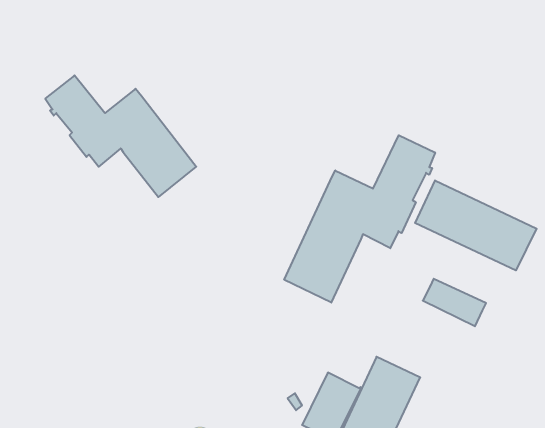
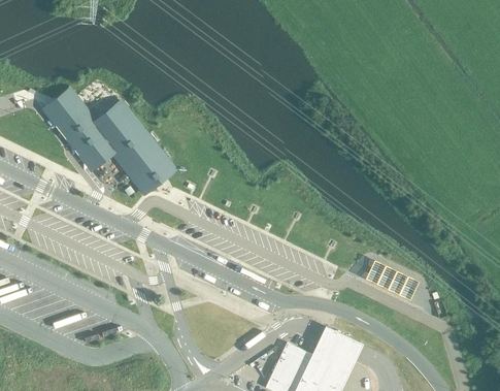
building: [284,135,435,303] -> none
building: [415,180,537,270] -> none

